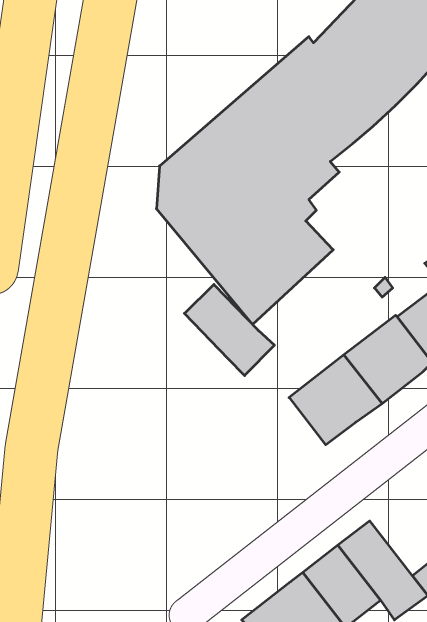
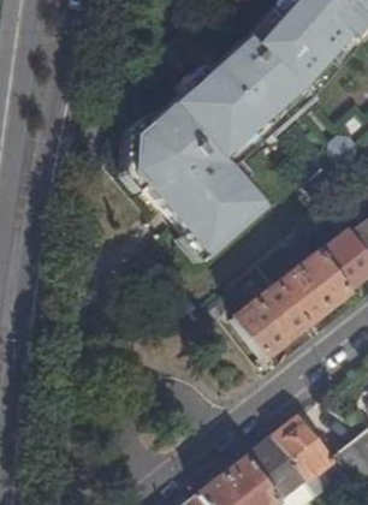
building: [184,284,274,376] -> none

